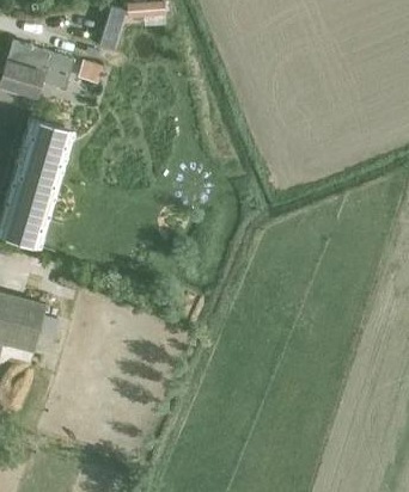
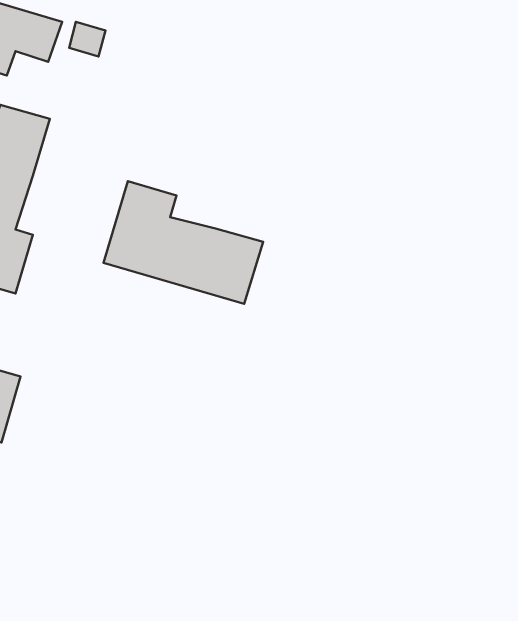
building: none -> [103,181,263,304]

